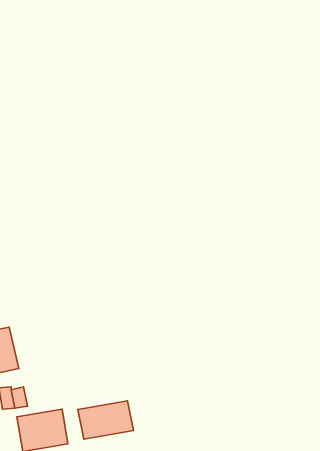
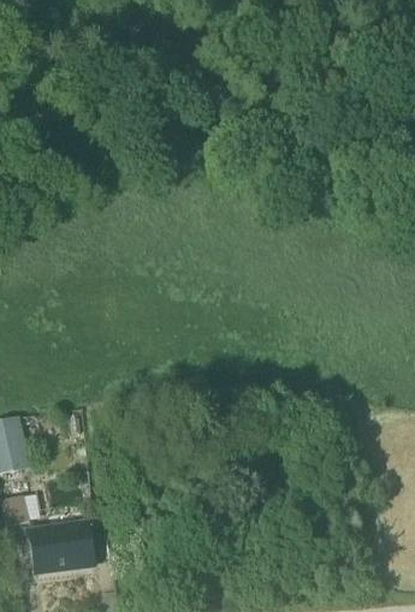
building: [78,401,133,439] -> none

